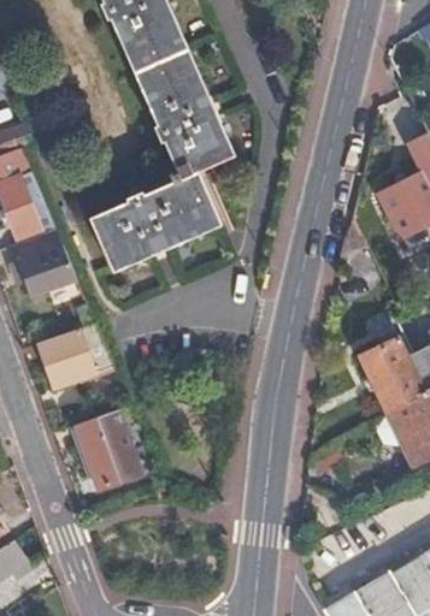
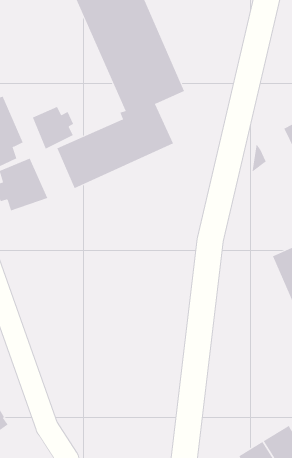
building: none -> [32,106,74,150]
building: [40,324,111,387] -> none
building: [72,405,139,492] -> none

